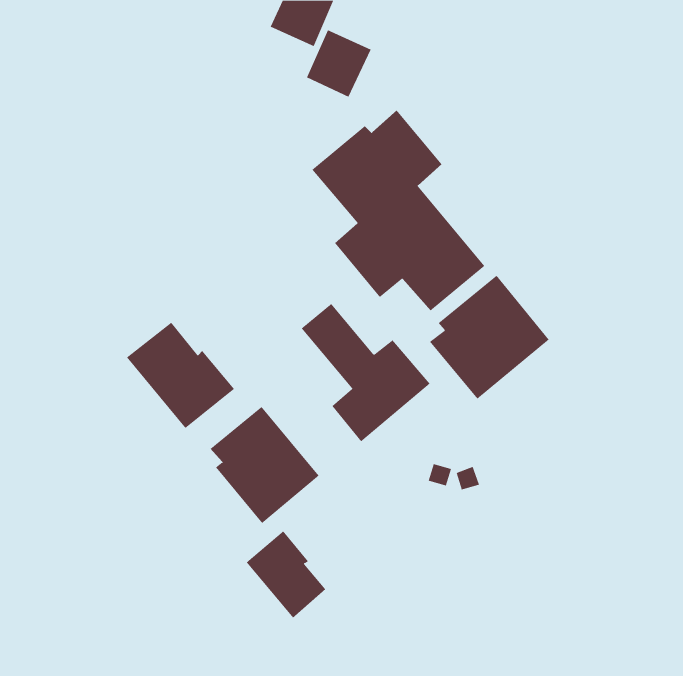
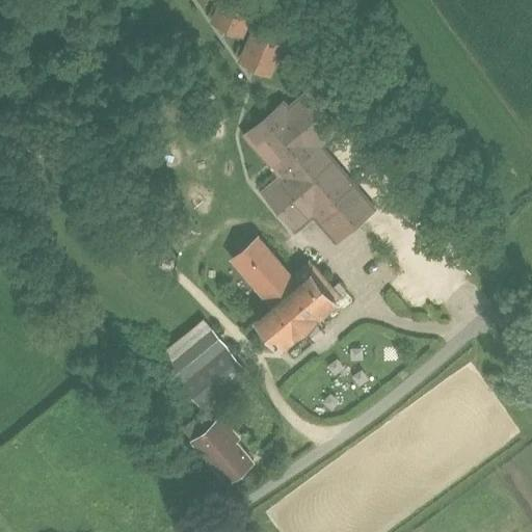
building: [429,275,550,399] -> none
building: [126,322,235,429] -> none

